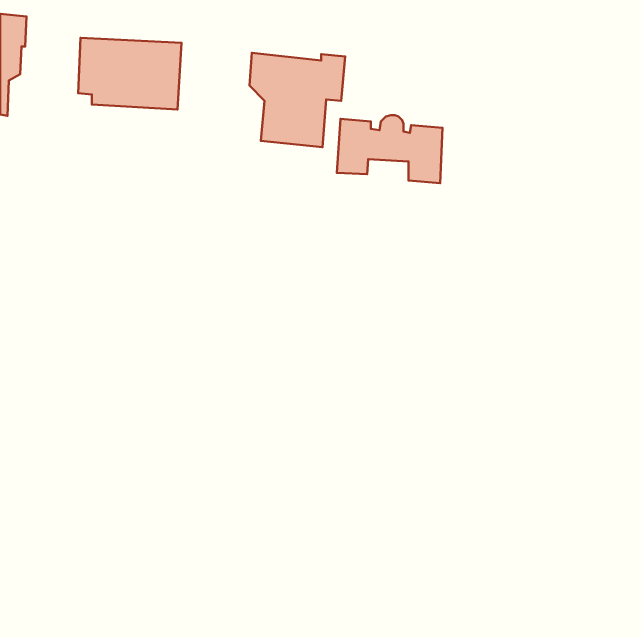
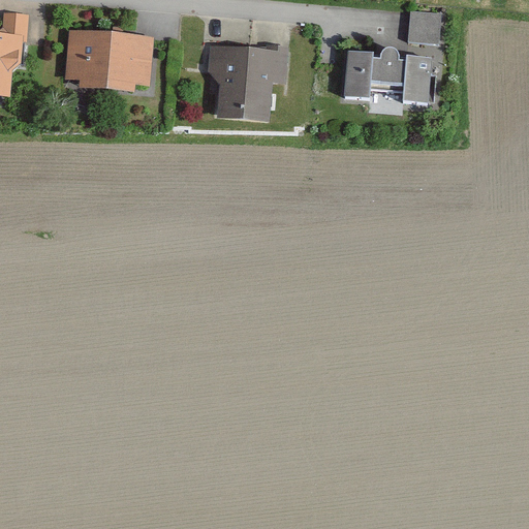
building: none -> [408,9,440,42]
building: [337,115,443,183] -> [343,48,430,103]

